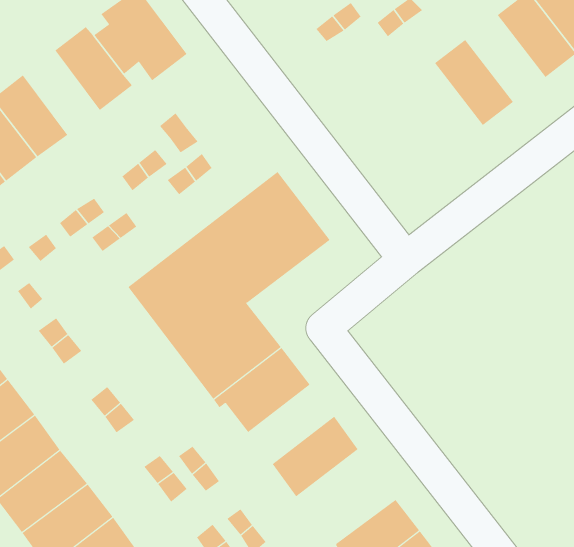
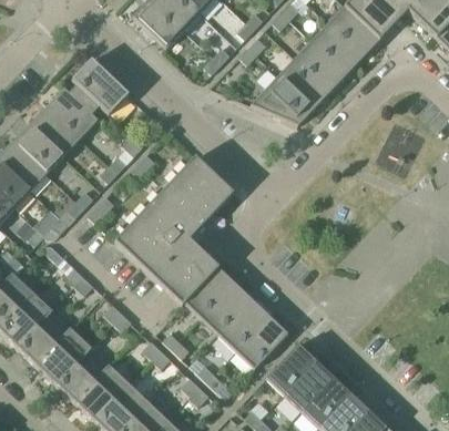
building: none -> [296,40,348,91]
building: none -> [31,105,81,155]
building: none -> [251,75,315,125]
building: none -> [203,283,254,335]
building: none -> [238,317,289,369]

